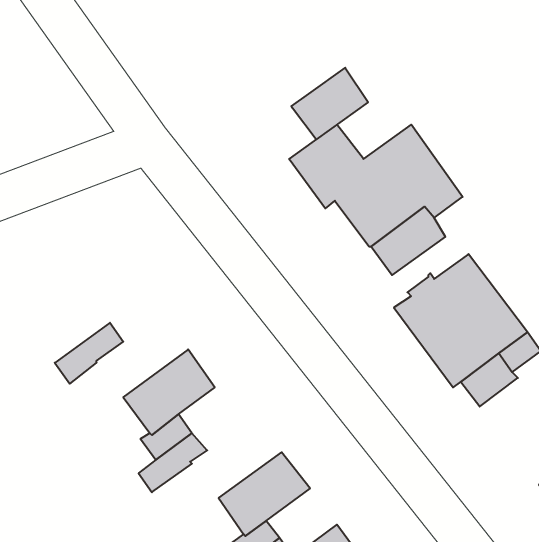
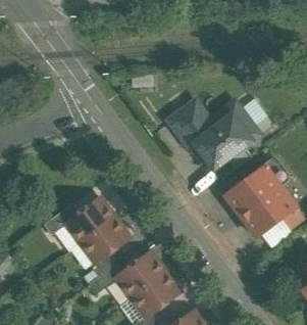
building: [291,68,368,139] -> none
building: none -> [66,197,115,242]
building: none -> [116,251,165,296]

